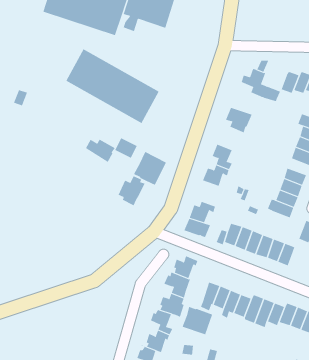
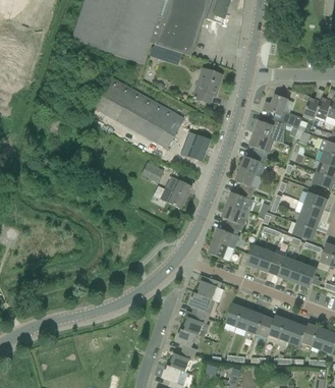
building: none -> [193,68,222,103]
building: none -> [254,116,282,140]
building: none -> [181,134,209,161]
building: none -> [240,152,267,176]
building: [85,139,116,163] -> none
building: [118,175,145,206] -> none
building: none -> [222,204,246,230]
building: [182,306,213,335] -> none

